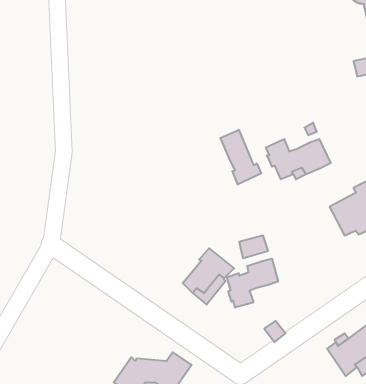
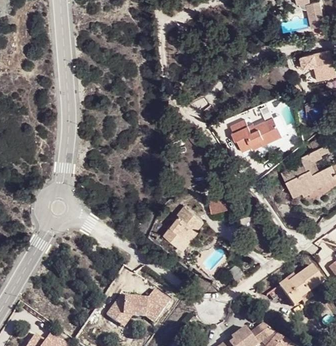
building: [220,130,261,185] -> none
building: [227,259,278,308] -> none

